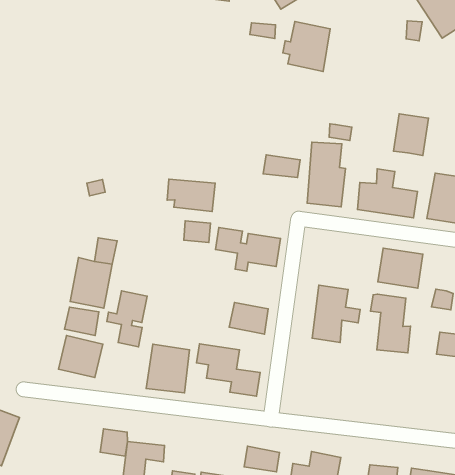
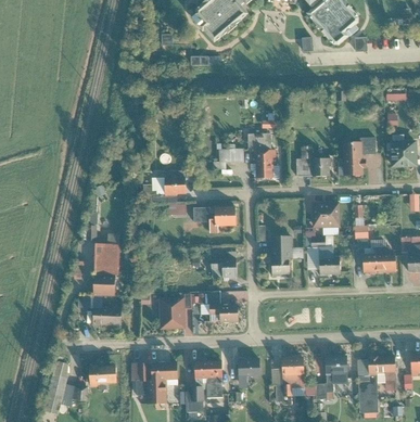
building: [283,22,330,71] -> none
building: [393,114,429,156] -> none
building: [107,291,147,347] -> none
building: none -> [88,365,116,385]
building: none -> [194,361,221,379]

